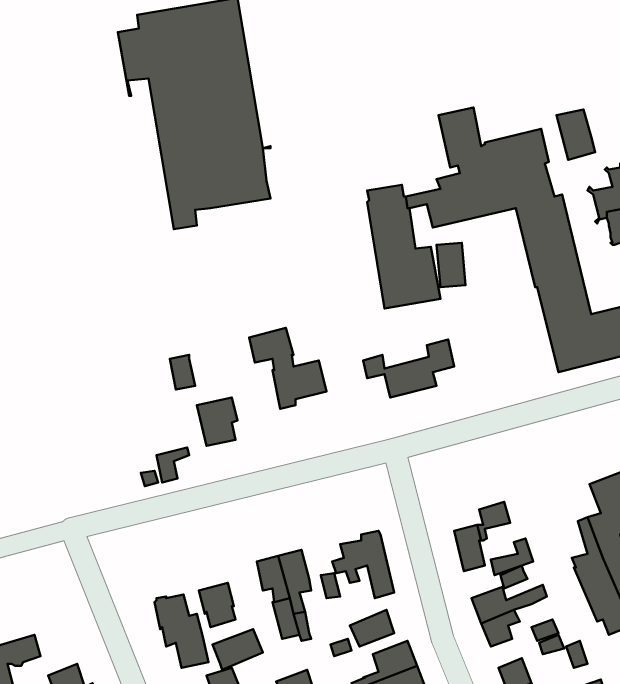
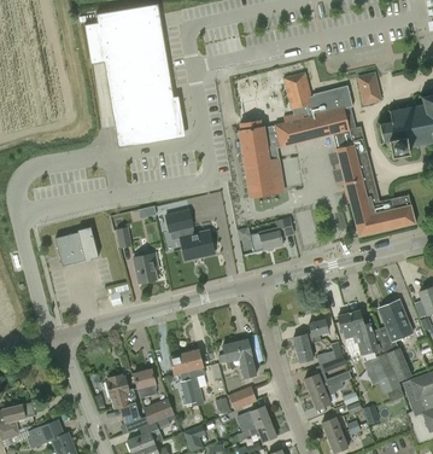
building: none -> [54,227,98,267]
building: none -> [337,310,376,355]

